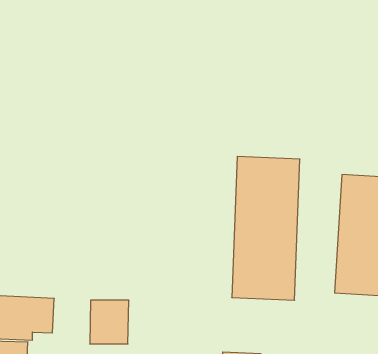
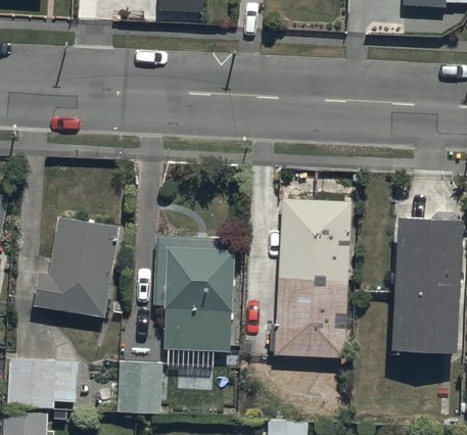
building: none -> [34,213,115,319]
building: none -> [164,249,237,355]

